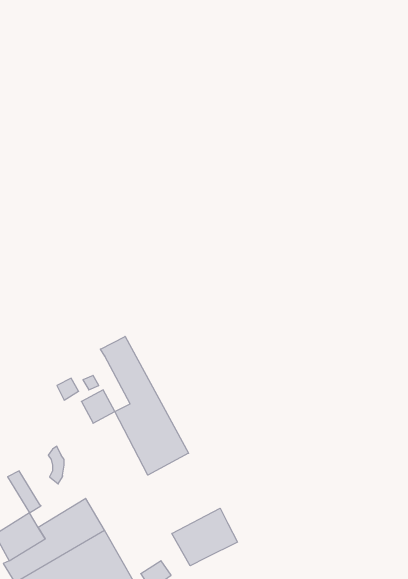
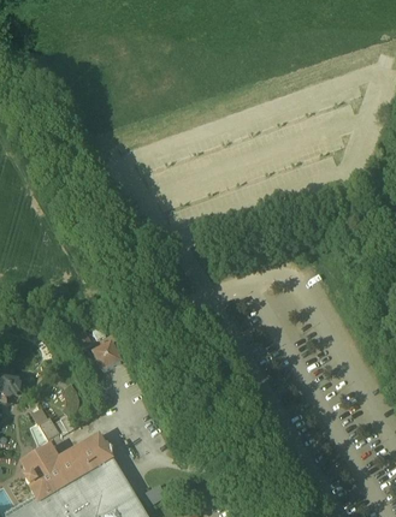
building: [100,336,189,475] -> none
building: [172,508,237,566] -> none

